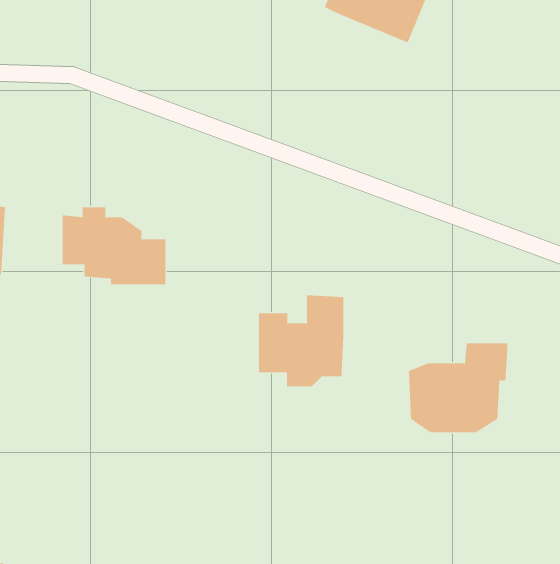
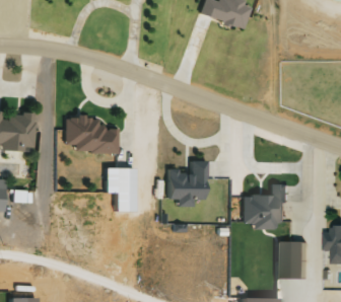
building: none -> [101,167,130,211]
building: none -> [277,242,310,280]

